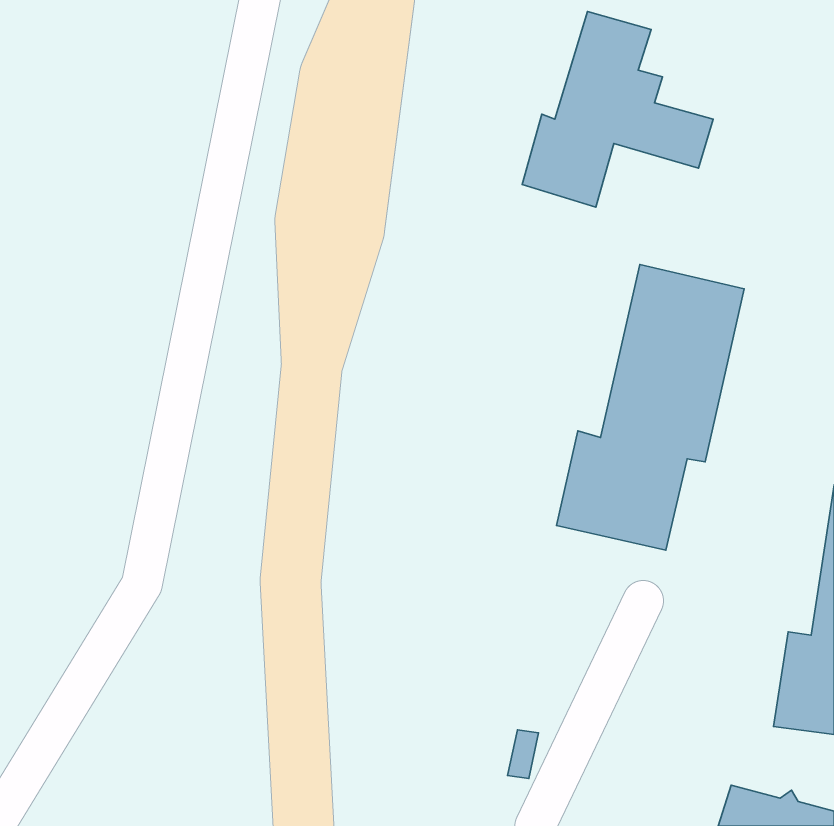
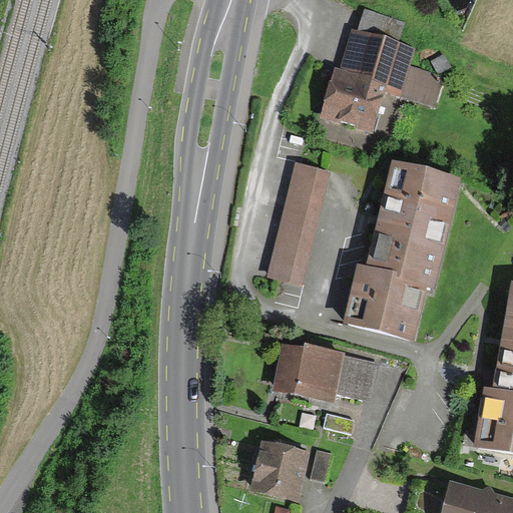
building: none -> [268,160,332,282]
building: none -> [272,342,371,399]
building: none -> [252,441,309,500]

